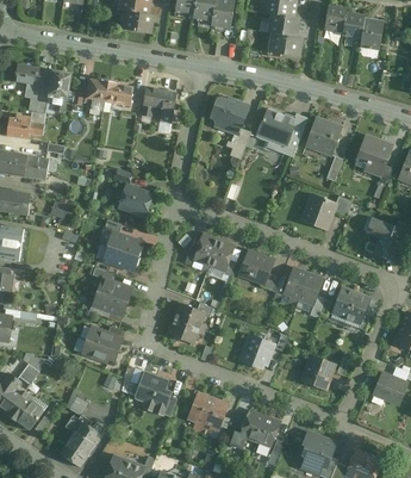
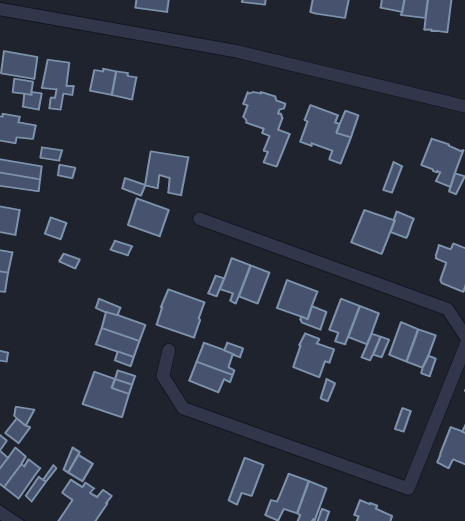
building: [269,33,300,56] -> none
building: [141,87,176,123] -> [145,152,189,195]
building: [304,118,341,155] -> none
building: [102,231,142,271] -> [156,290,205,338]
building: [239,334,273,370] -> [293,333,334,377]
building: [303,354,336,390] -> none
building: [135,371,168,412] -> none
building: [187,391,213,432] -> none

